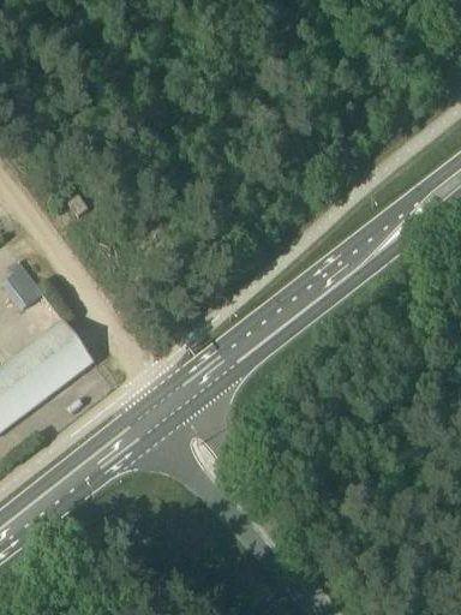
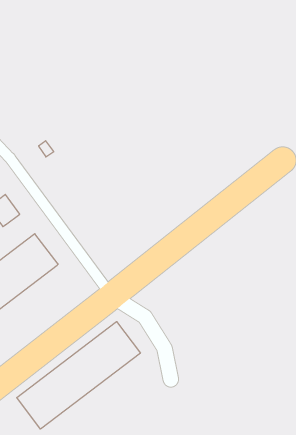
building: none -> [17,322,140,429]

